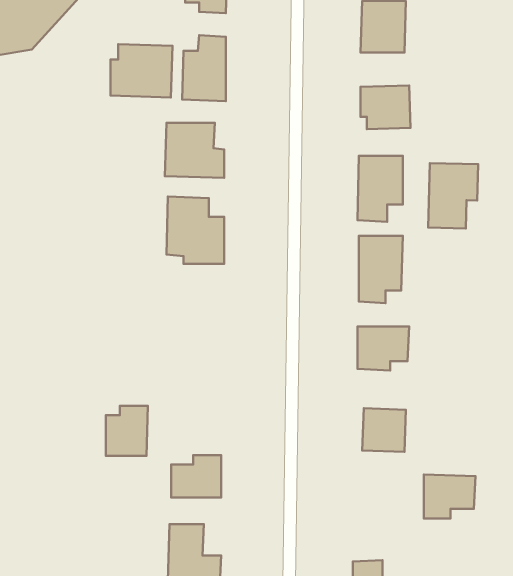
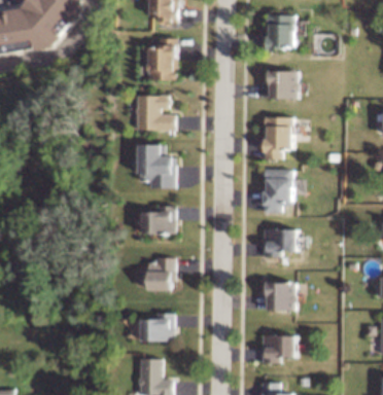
building: [110,44,173,97] -> none
building: [428,163,478,228] -> none
building: none -> [141,211,174,234]
building: [106,406,148,456] -> [146,257,174,290]
building: [424,475,475,518] -> [262,334,295,363]

